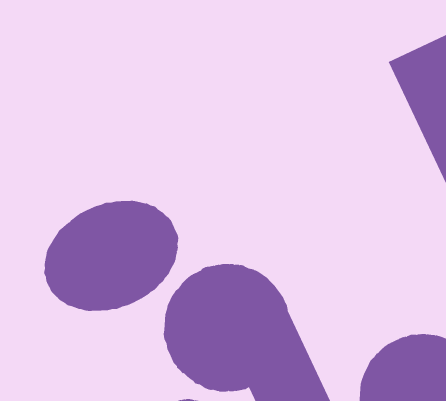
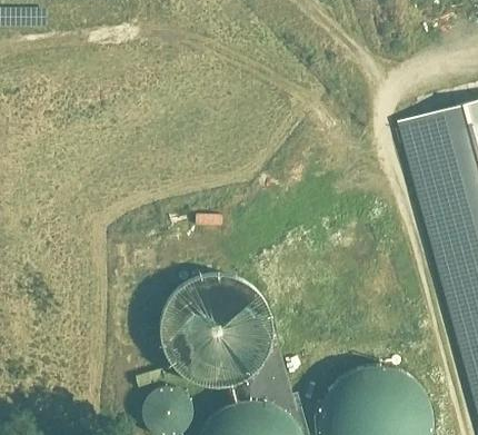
building: [44,200,179,312] -> none

